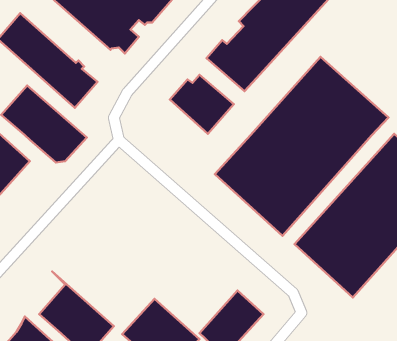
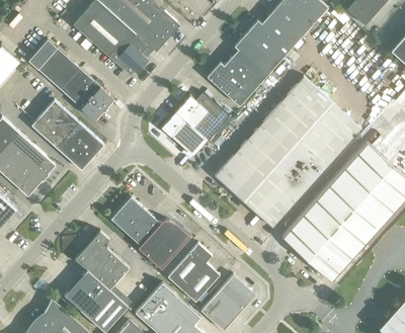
building: none -> [161,112,208,157]
building: none -> [110,197,189,269]
building: none -> [75,232,132,306]
building: none -> [167,243,220,303]

